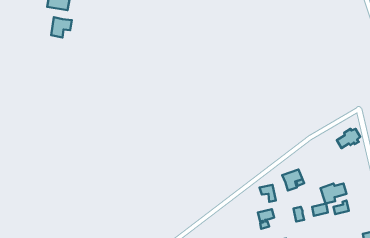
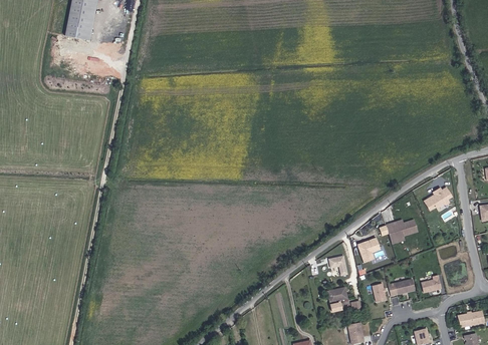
building: [51,17,72,38] -> none
building: [321,183,347,204] -> [387,219,419,244]

